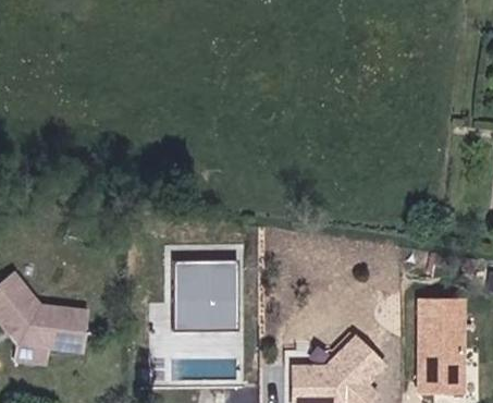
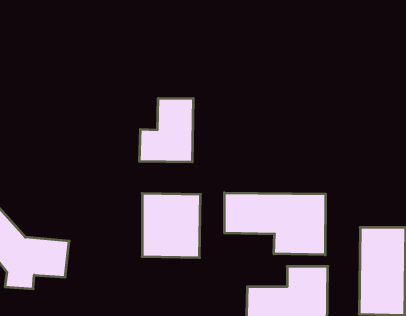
building: none -> [139,98,193,162]
building: none -> [224,193,326,255]

